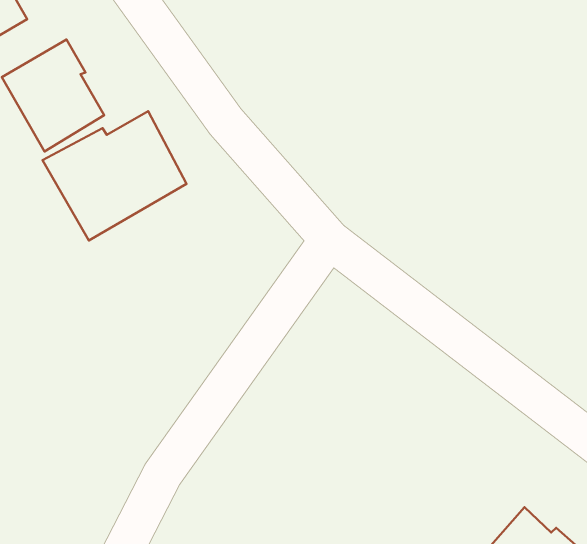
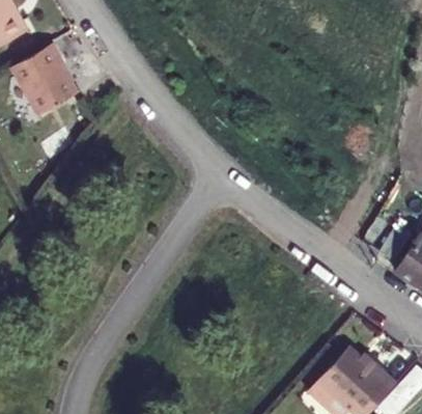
building: [43,111,186,240] -> none

